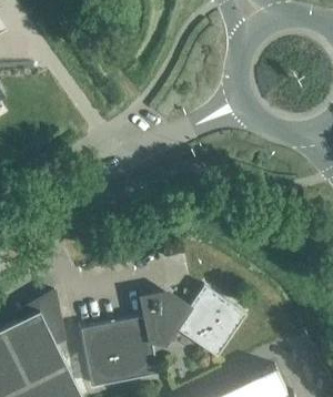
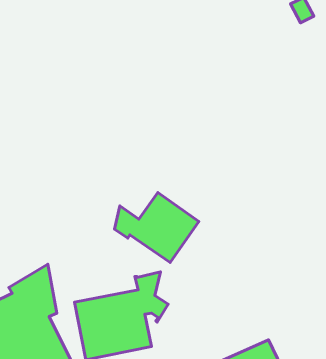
building: [160,285,244,355] -> [114,192,199,263]

